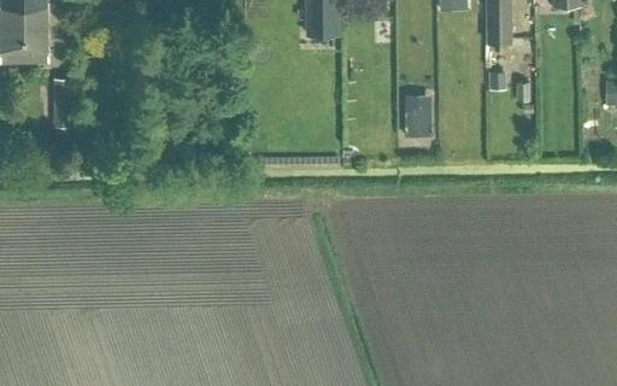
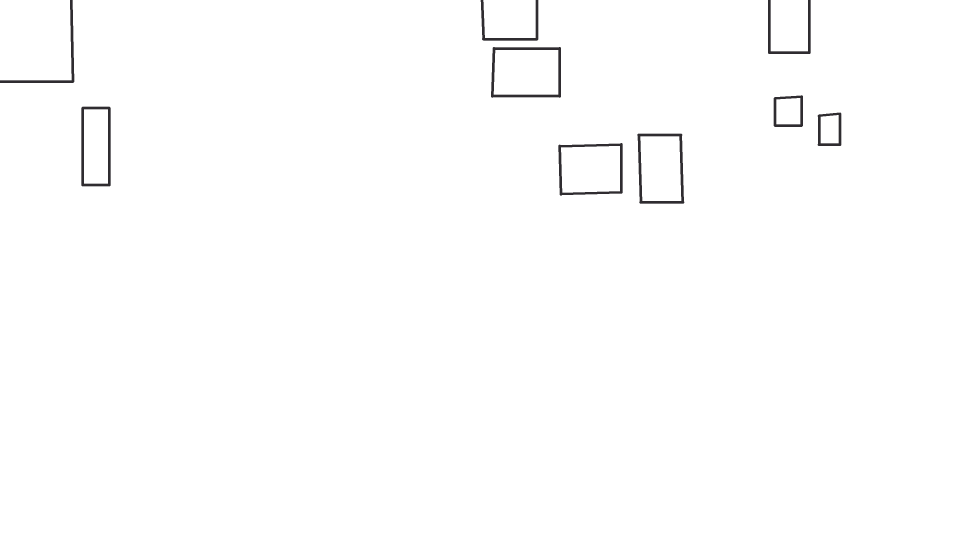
building: none -> [492,48,560,96]
building: none -> [560,144,621,194]

